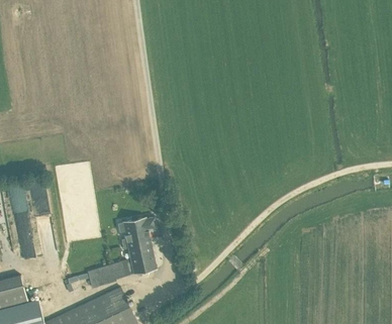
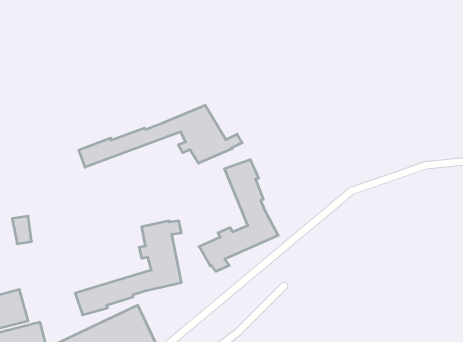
building: none -> [79,105,242,167]
building: none -> [199,160,278,271]

